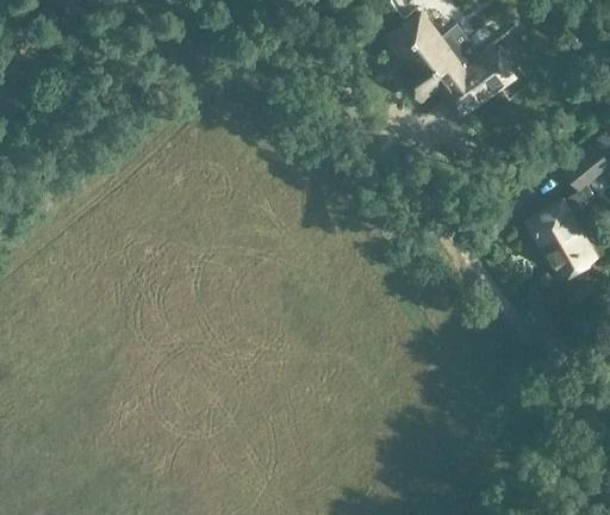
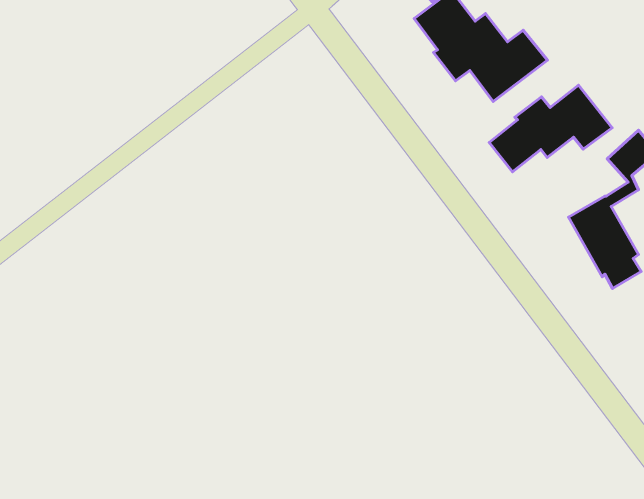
building: none -> [489,85,612,172]

